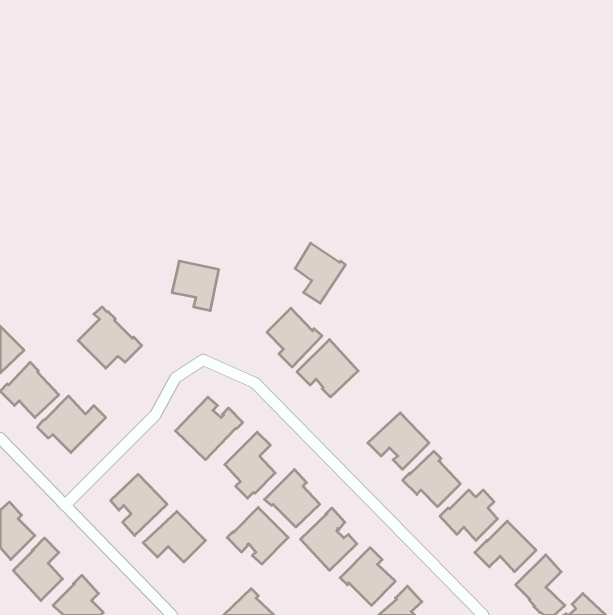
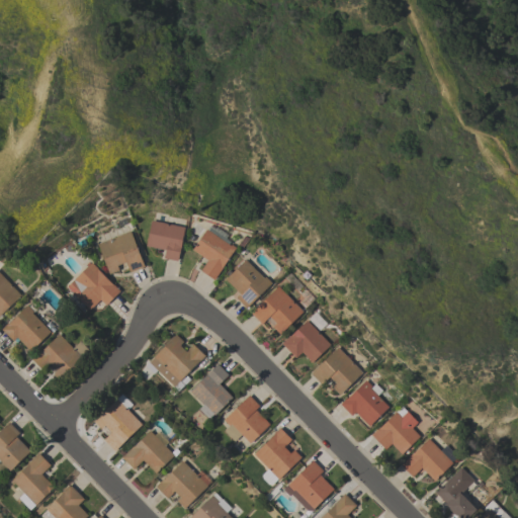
building: [295,243,345,303] -> [193,229,236,279]
building: none -> [97,231,145,273]
building: none -> [281,320,331,362]
building: [227,507,288,564] -> [156,460,207,508]

